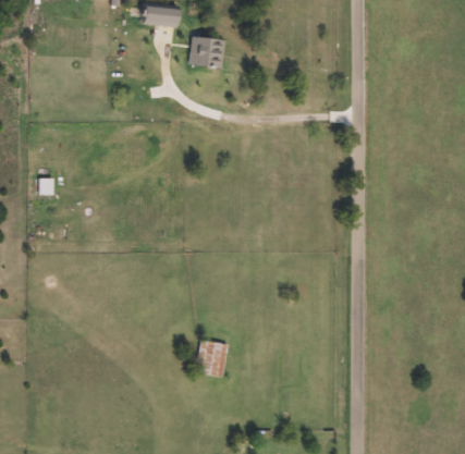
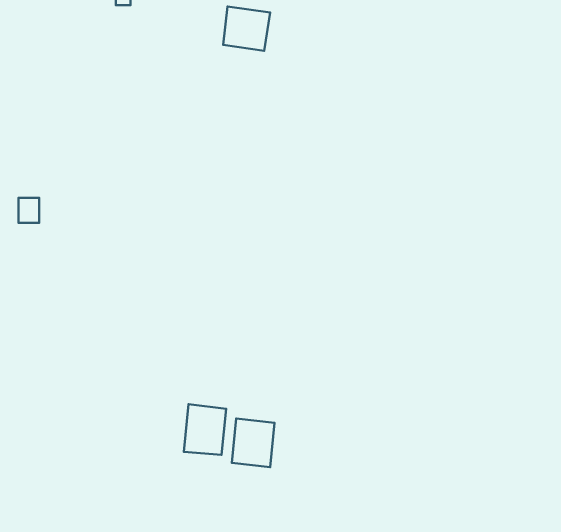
building: none -> [184,404,226,455]

